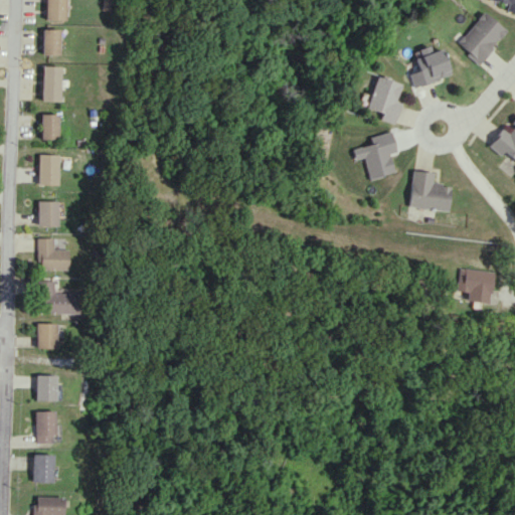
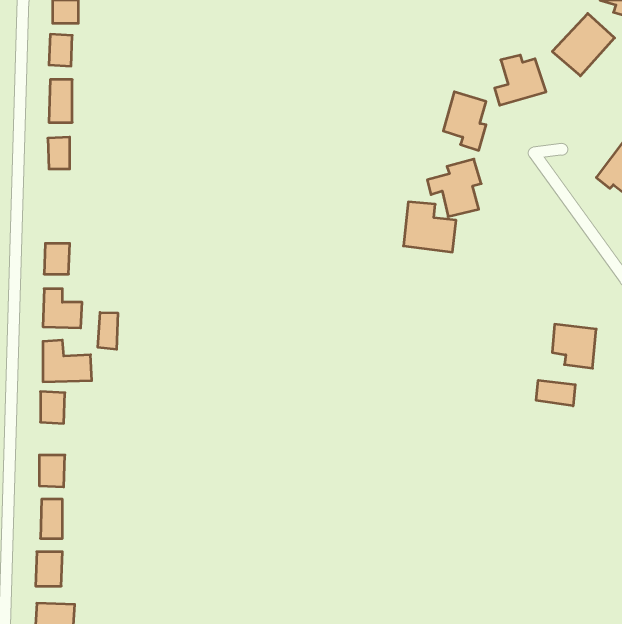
building: [40,155,61,186] -> none
building: [410,171,454,212] -> [403,202,456,252]
building: none -> [98,312,118,349]
building: none -> [536,380,575,406]

